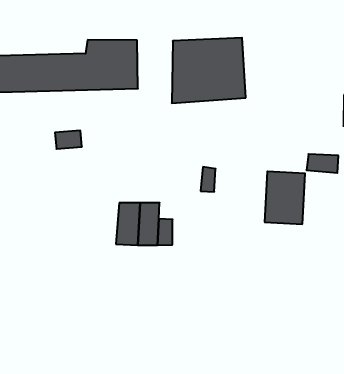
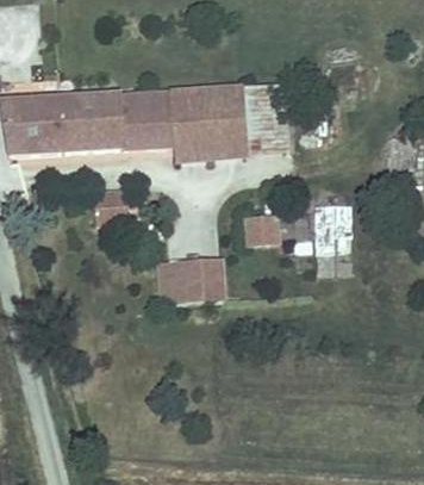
building: none -> [170,89,210,155]

